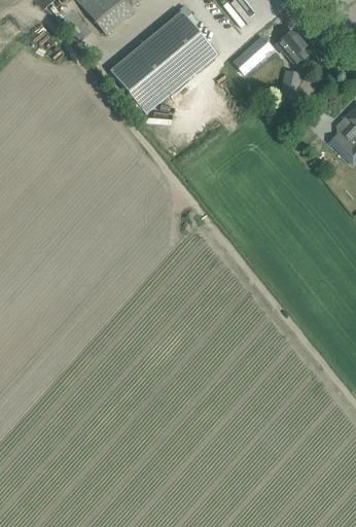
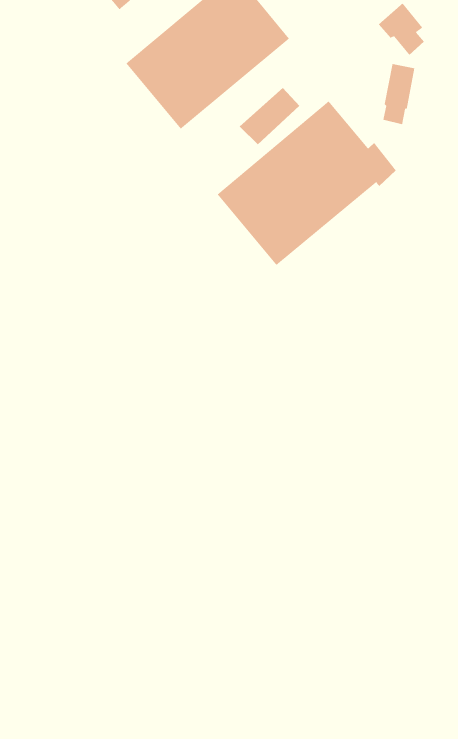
building: [233,36,273,74] -> [239,87,300,145]
building: none -> [217,101,397,266]

